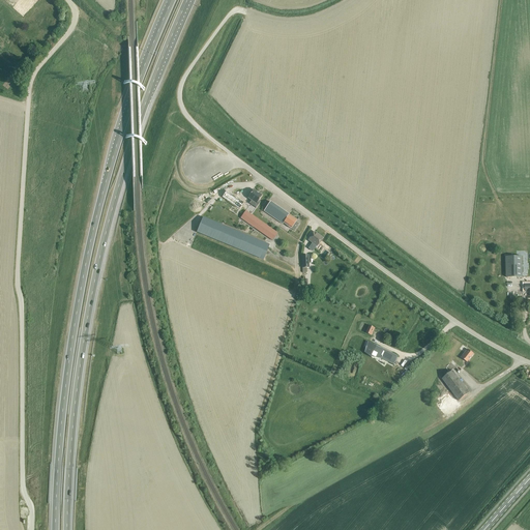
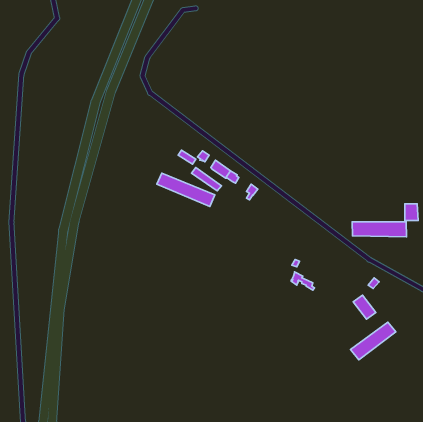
building: none -> [352,222,406,237]
building: none -> [351,322,396,360]

